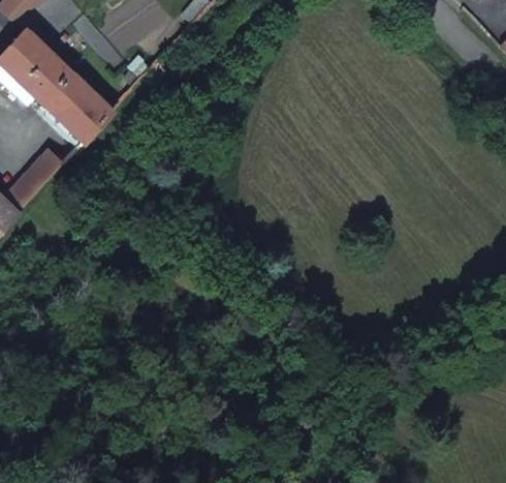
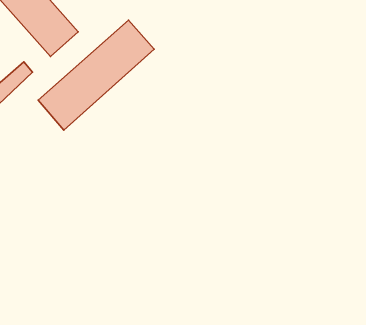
building: none -> [38,20,154,130]

